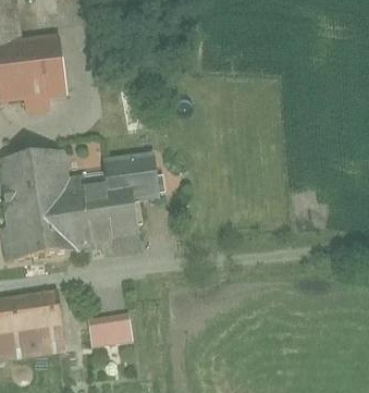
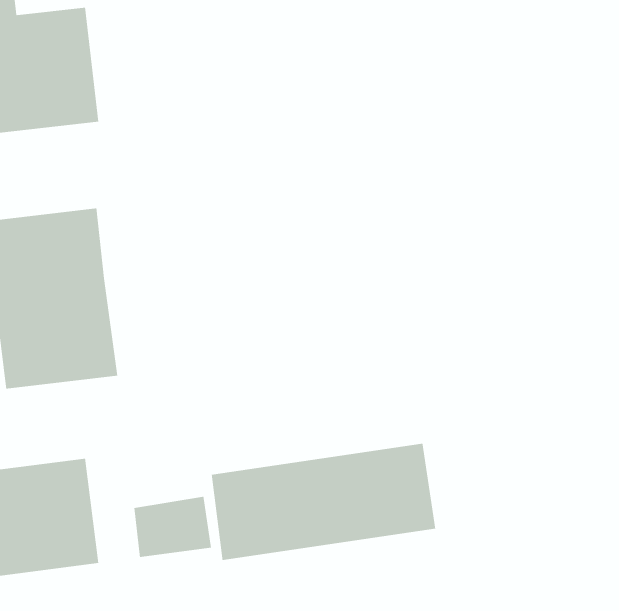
building: [69,152,160,244] -> none
building: none -> [211,443,436,561]

